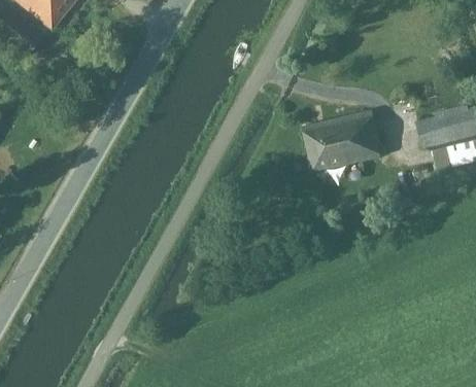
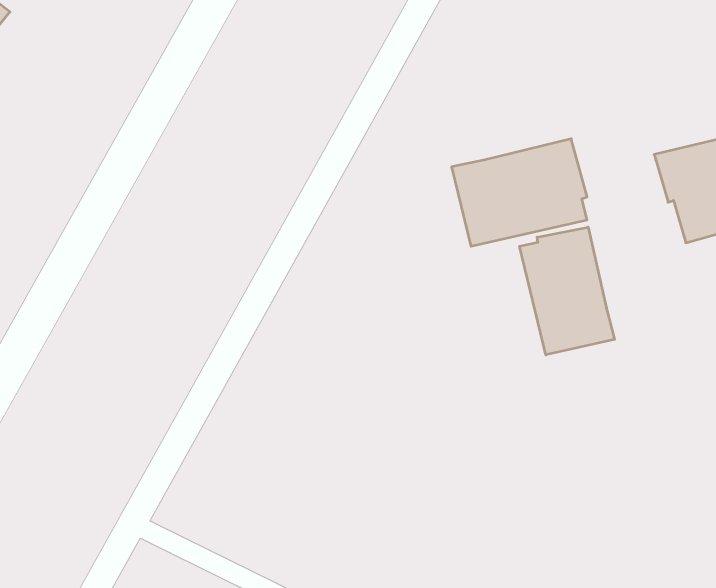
building: none -> [520,227,615,355]

